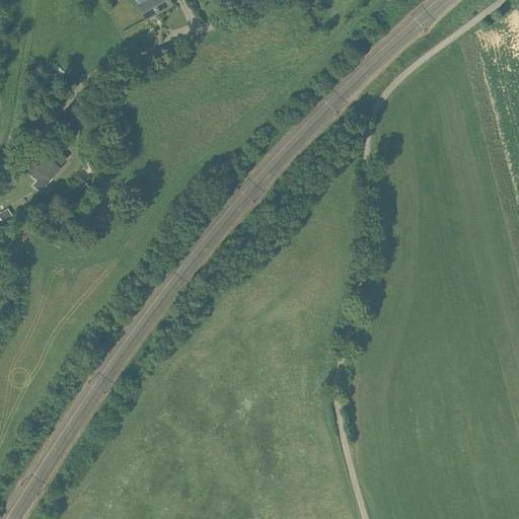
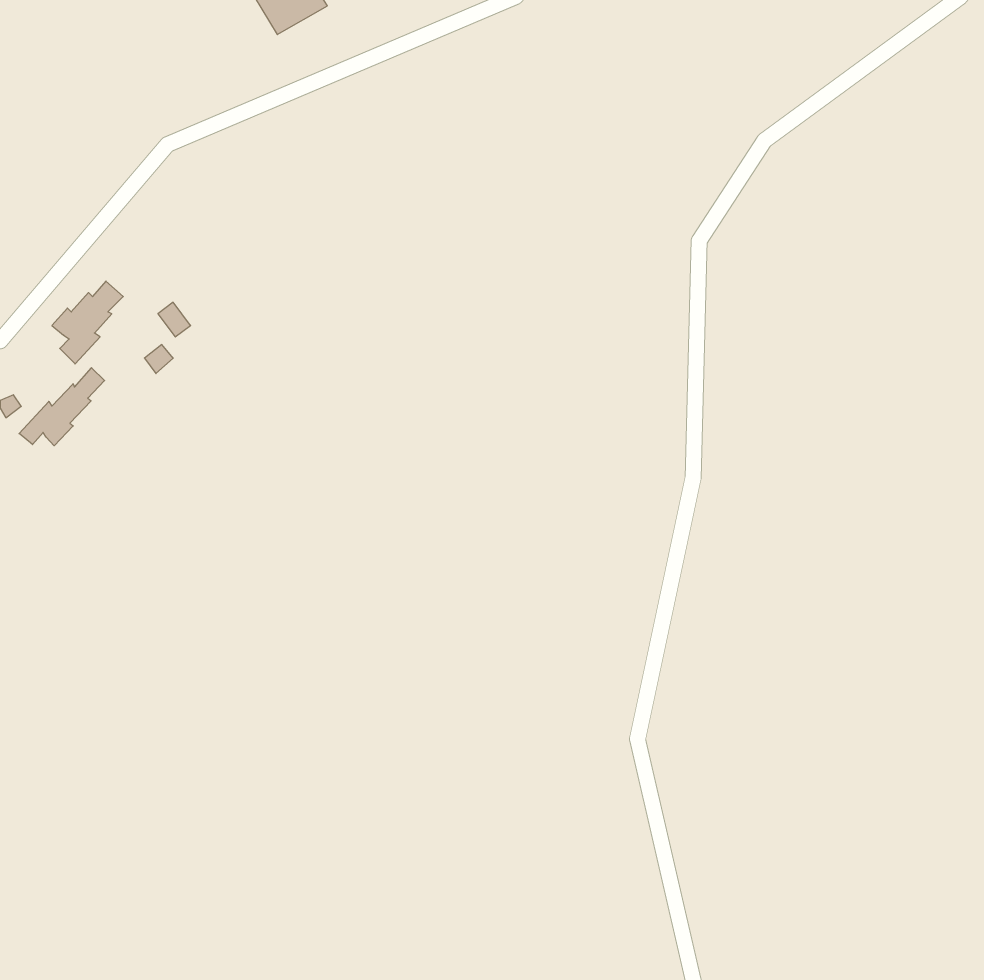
building: none -> [19,368,105,446]

